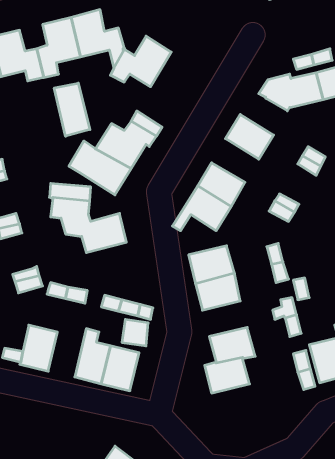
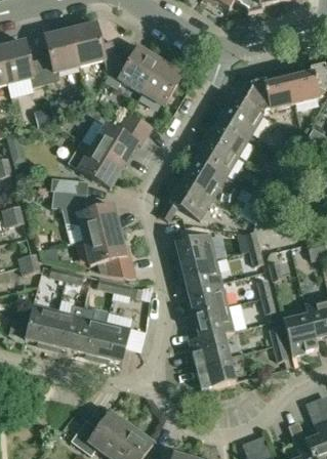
building: none -> [141,60,183,105]
building: [54,83,90,136] -> none
building: none -> [221,94,263,134]
building: none -> [196,137,238,176]
building: none -> [84,230,137,281]
building: none -> [188,282,228,314]
building: none -> [50,304,84,349]
building: none -> [196,356,236,389]

